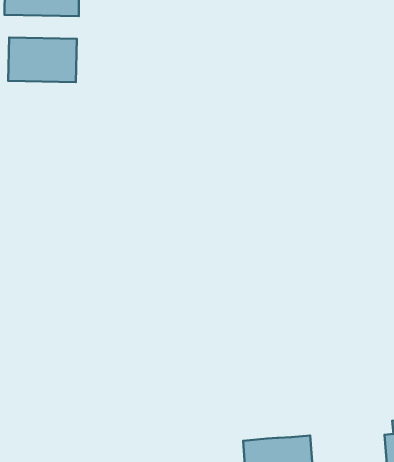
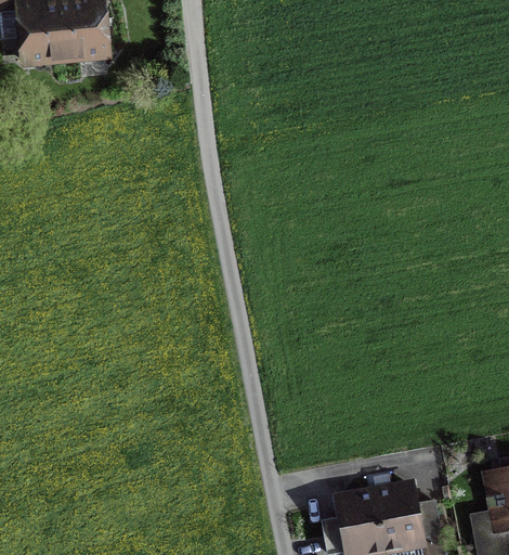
building: [8,38,77,82] -> none

